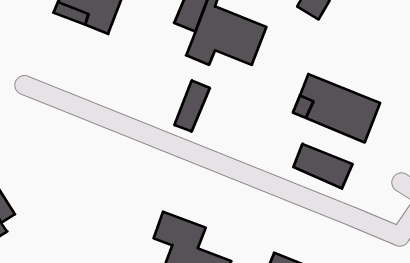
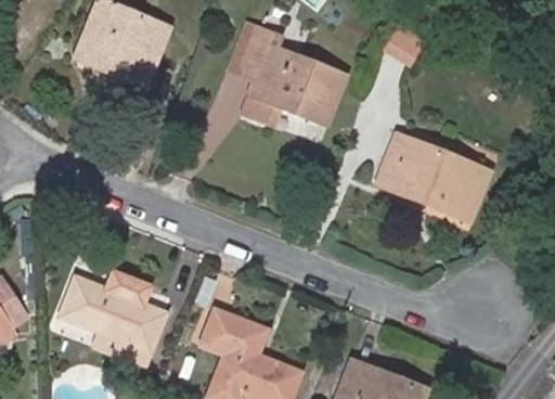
building: [175,80,210,132] -> none
building: [293,144,352,189] -> none
building: none -> [62,272,166,362]

